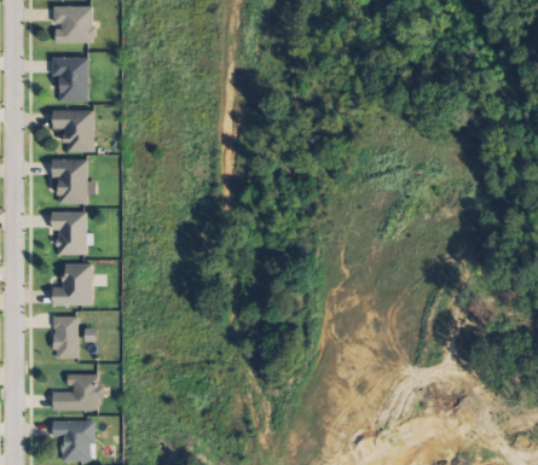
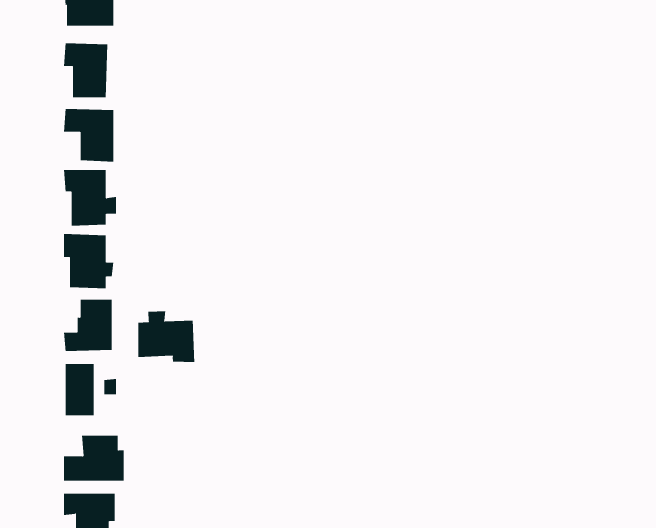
building: none -> [138,311,195,363]

